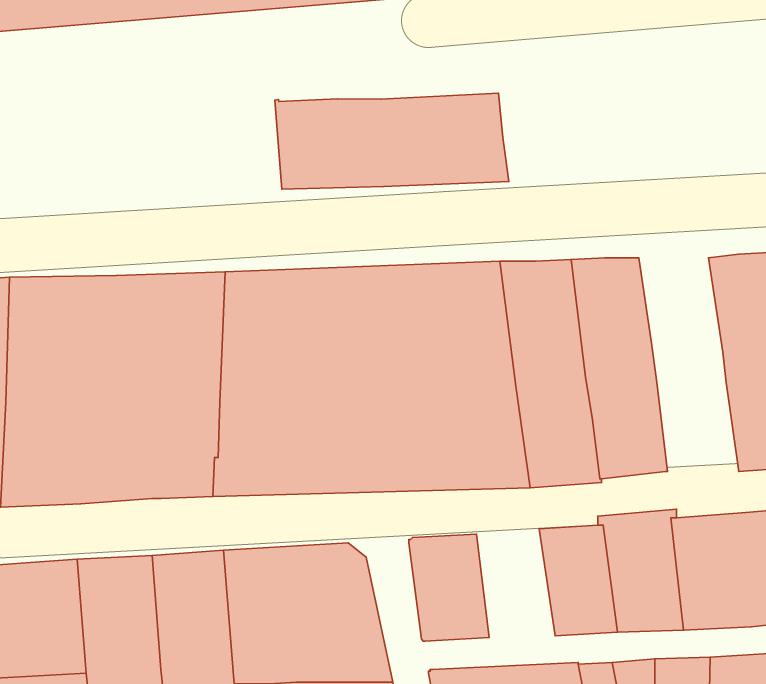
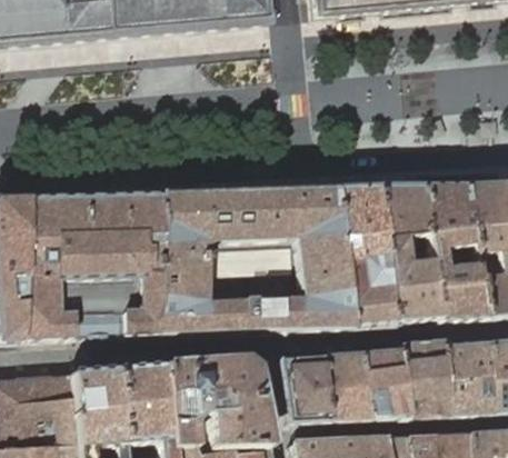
building: [275,93,509,189] -> none
building: none -> [424,183,486,320]
building: none -> [322,352,371,420]

